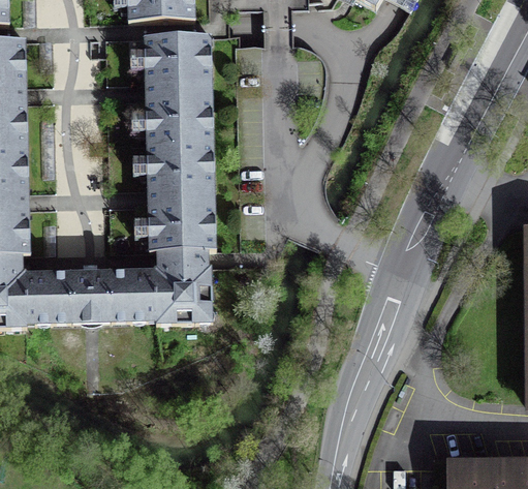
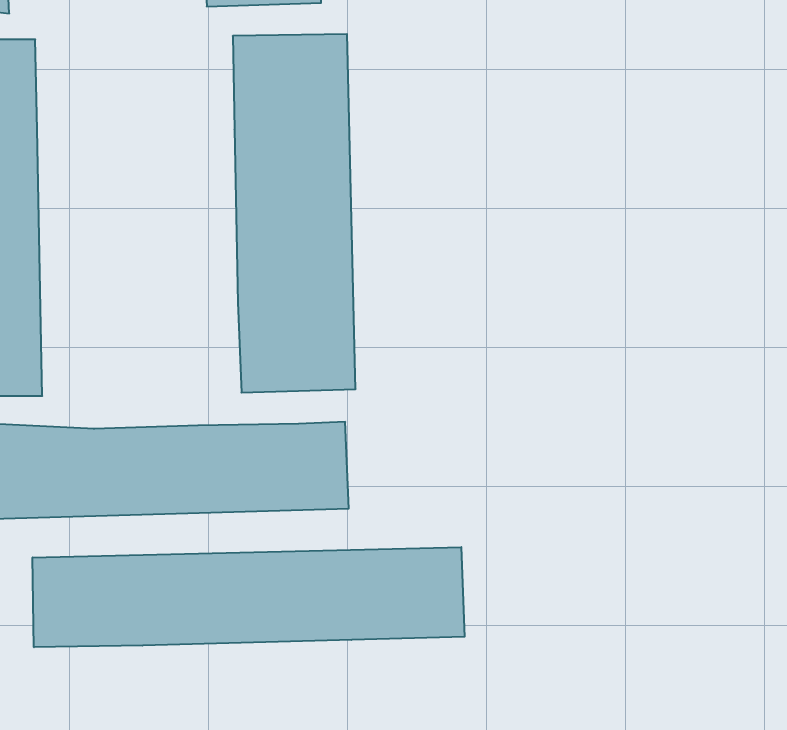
building: none -> [33,547,465,647]

